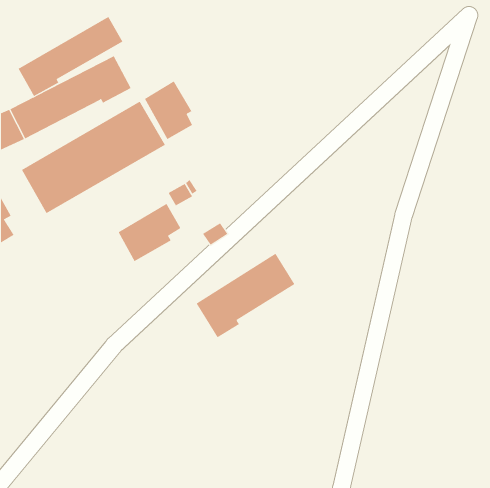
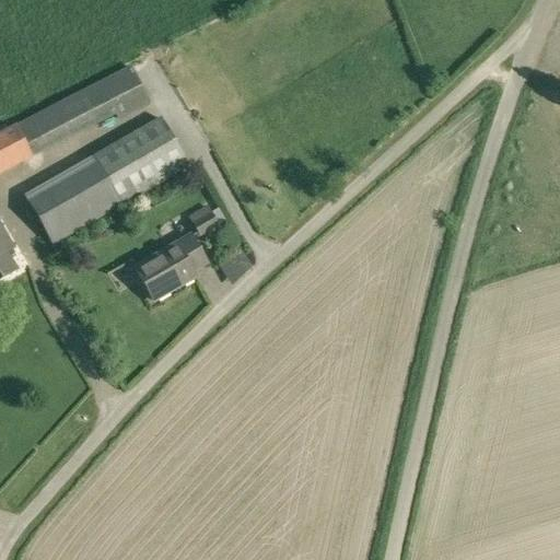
building: [18,16,123,97] -> none
building: [144,81,193,140] -> none
building: [196,253,295,338] -> none

